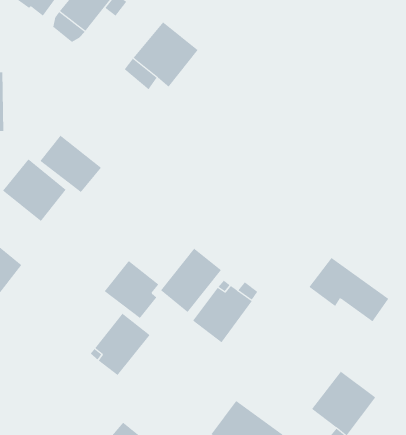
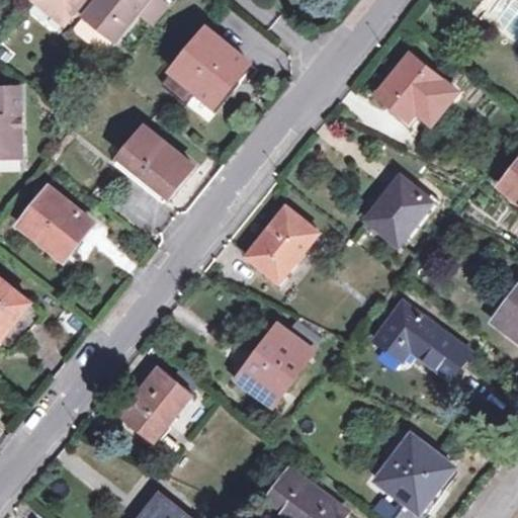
building: none -> [374,52,456,122]
building: [39,135,102,193] -> [118,126,191,194]
building: none -> [365,176,432,244]
building: [160,248,222,313] -> [246,205,318,281]
building: [104,260,159,319] -> none

